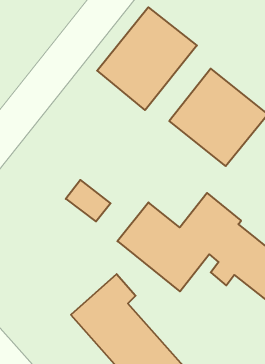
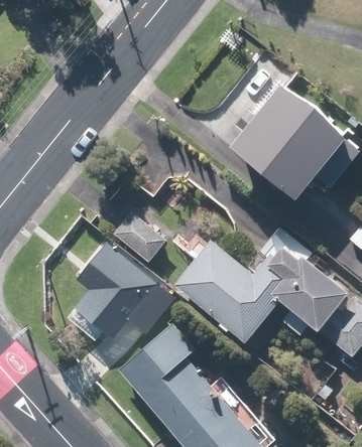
building: [97,7,197,110] -> none
building: none -> [75,244,158,339]

